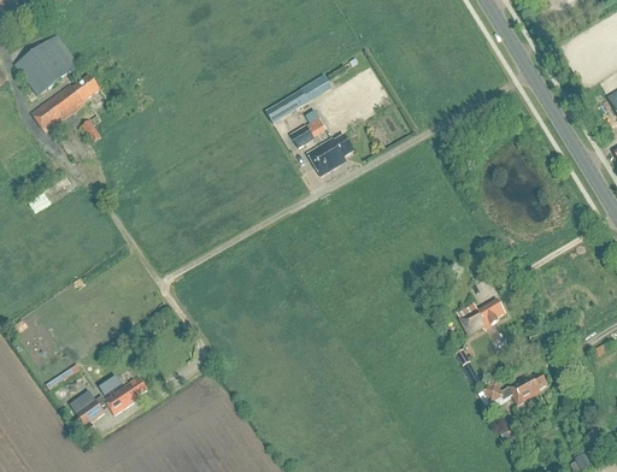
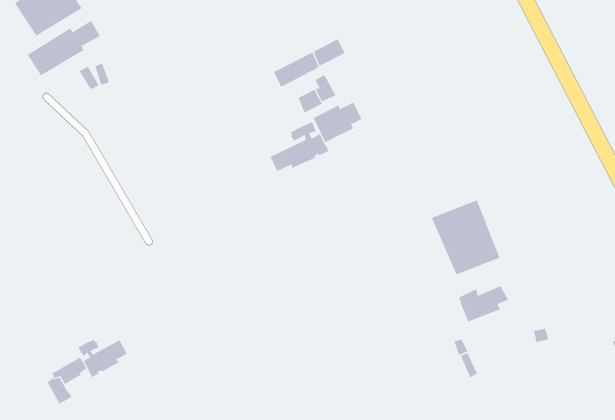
building: none -> [270,121,329,172]
building: none -> [431,200,500,275]
building: [482,373,545,403] -> none

